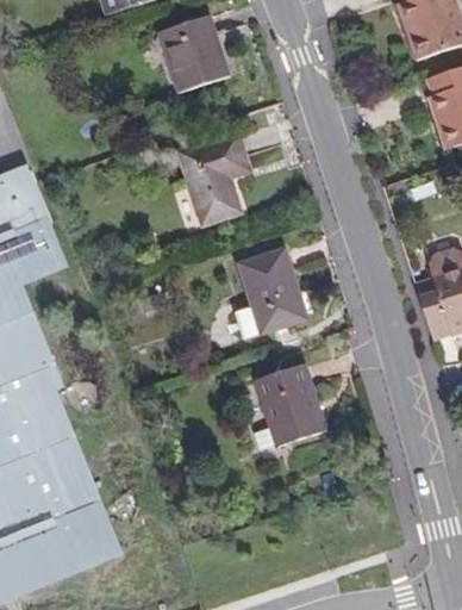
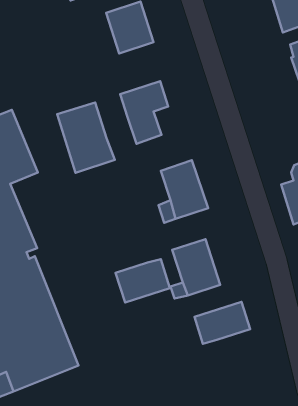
building: none -> [57,103,115,173]
building: none -> [115,259,170,302]
building: none -> [194,302,250,344]

